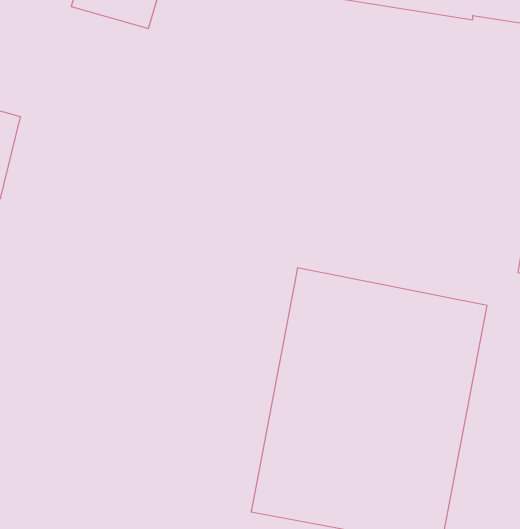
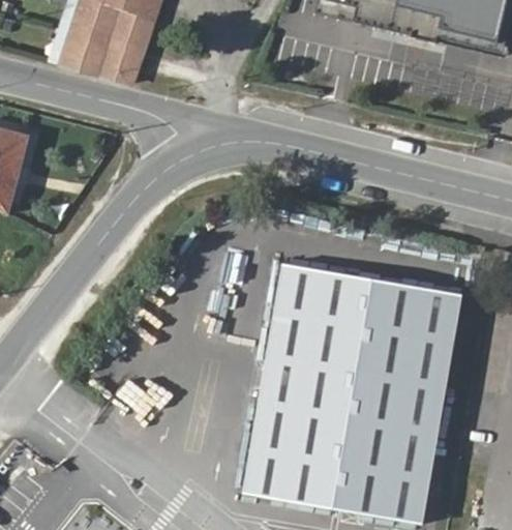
building: none -> [62,17,146,72]

